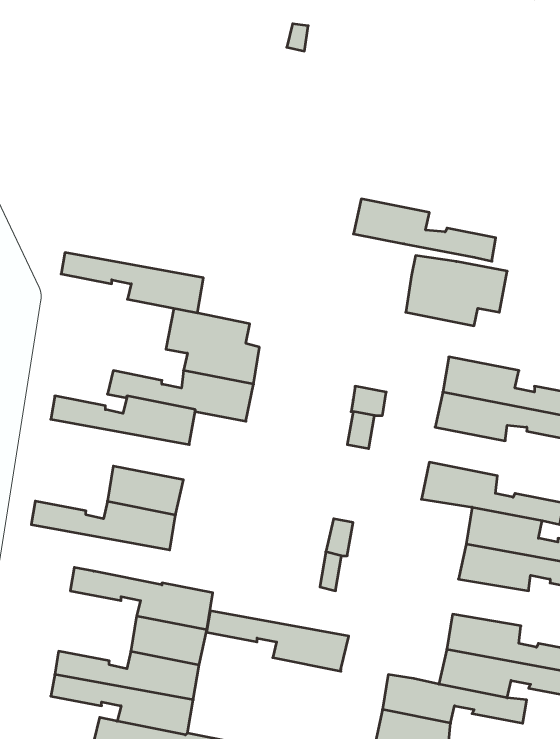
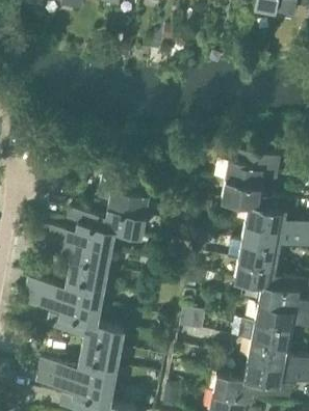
building: [353,199,496,261] -> [222,181,298,214]
building: [61,253,203,313] -> [34,238,110,270]
building: none -> [238,242,279,268]
building: none -> [251,323,291,348]
building: [206,611,349,671] -> [24,294,100,326]

